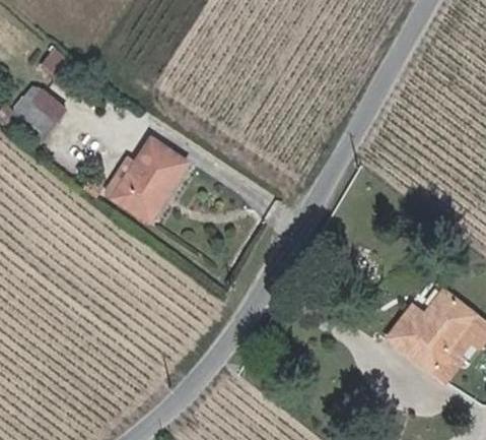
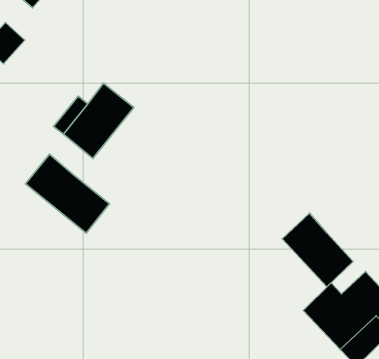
building: none -> [25,154,109,233]
building: none -> [282,213,353,287]

